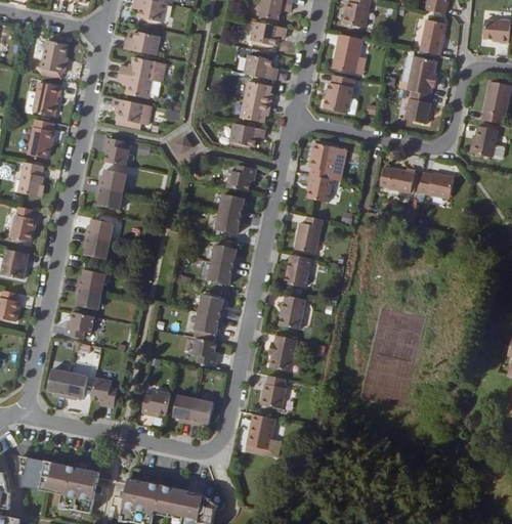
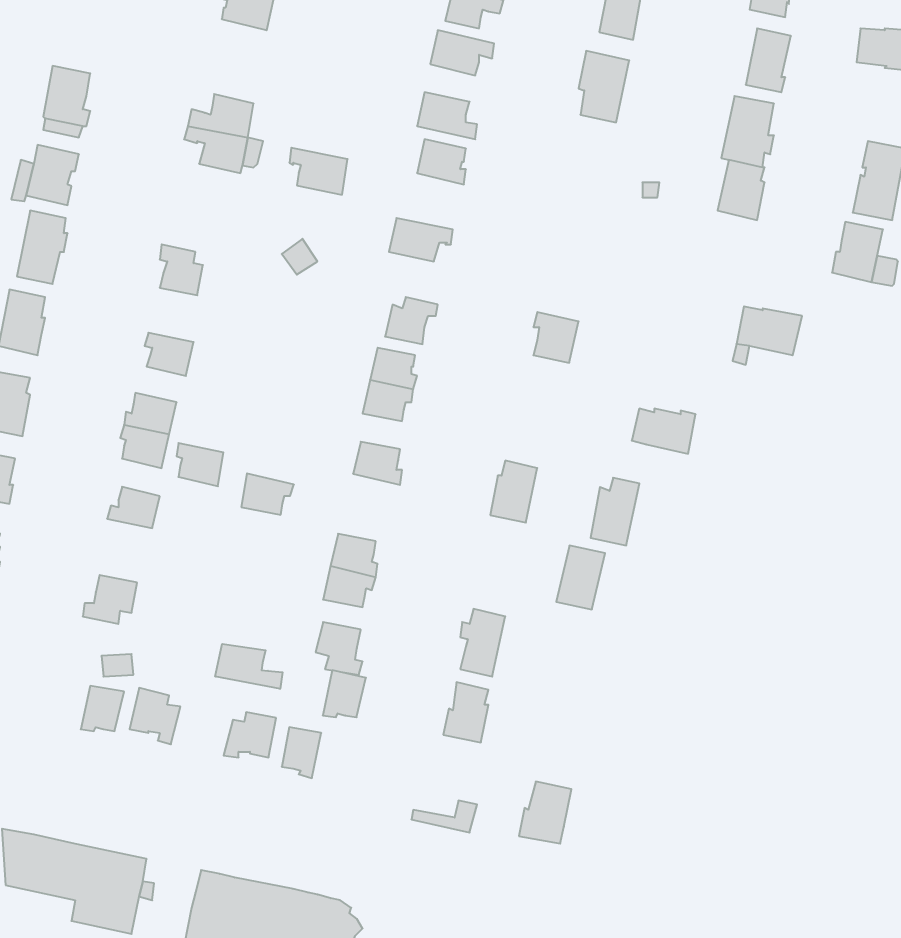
building: [125,31,160,54] -> none
building: [325,75,354,113] -> none
building: [113,97,144,123] -> [289,148,348,195]
building: [241,98,270,122] -> none
building: [310,143,347,180] -> none
building: [380,167,415,191] -> [632,409,696,454]
building: [98,169,126,190] -> none
building: [295,216,322,253] -> [591,478,639,545]
building: [207,262,236,285] -> [241,473,294,515]
building: [75,287,100,310] -> [177,443,223,486]
building: [278,295,304,330] -> [556,546,605,609]
building: none -> [215,644,283,689]
building: [45,374,67,401] -> none
building: [187,403,211,429] -> [323,670,366,717]
building: [243,416,271,449] -> [519,782,571,844]

